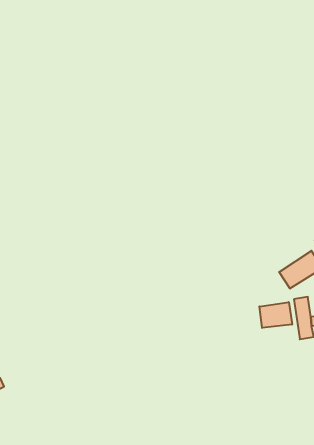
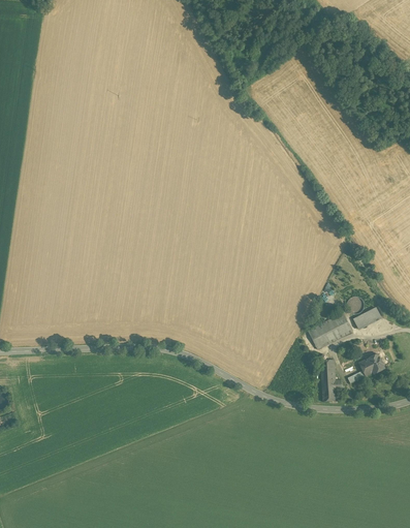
building: [259,302,292,328] -> none

